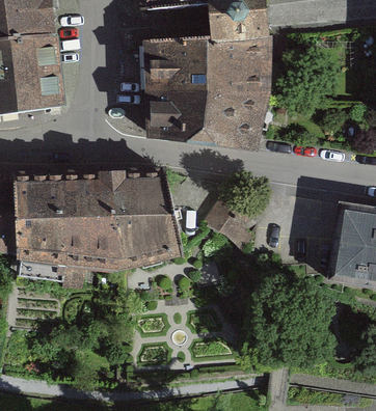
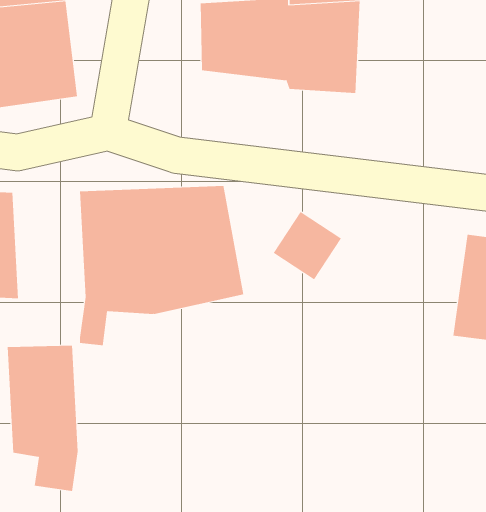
building: [152,87,264,146] -> none
building: [16,174,68,280] -> [7,345,78,492]

